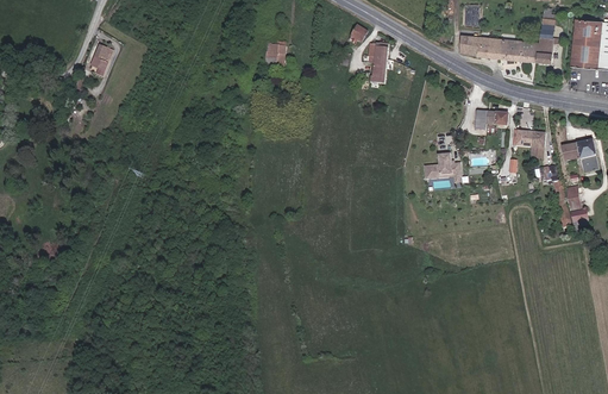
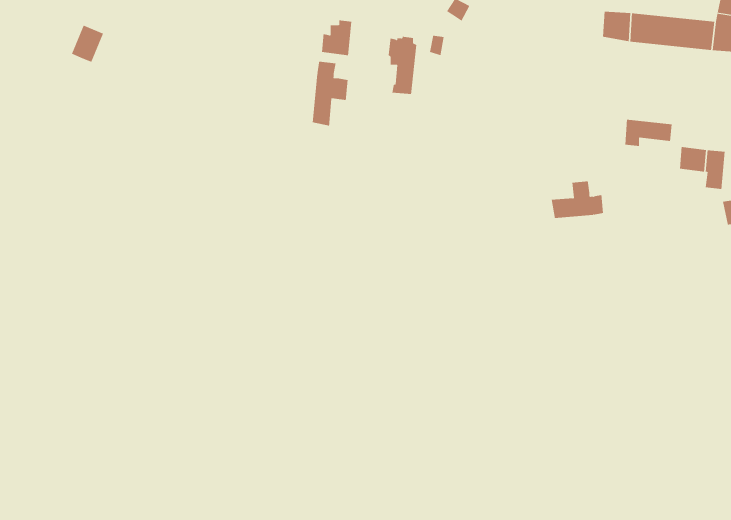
building: [368,42,388,82] -> [388,36,417,94]
building: none -> [312,61,348,127]

